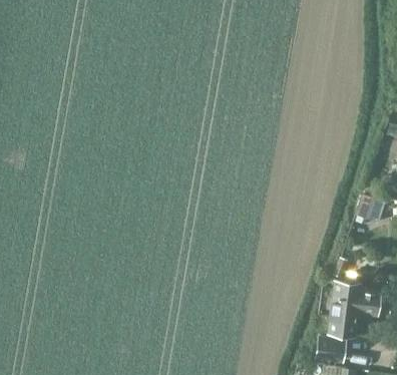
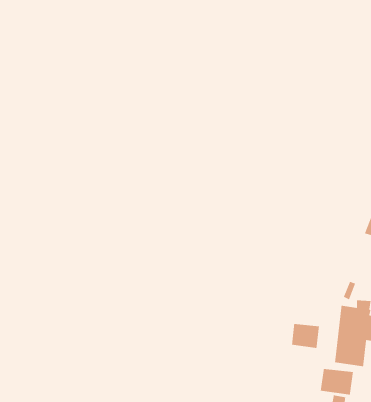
building: none -> [291,323,320,349]

